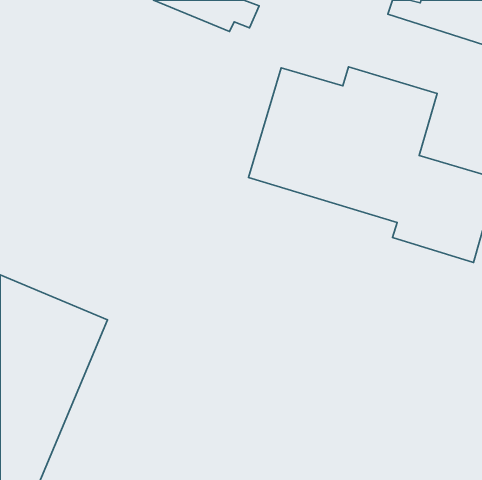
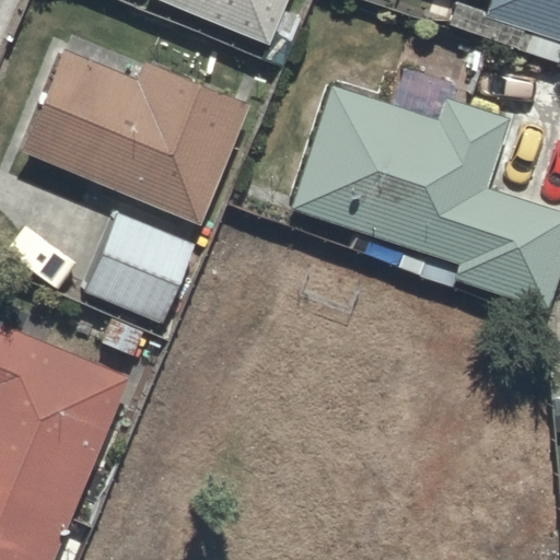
building: none -> [21,48,247,224]
building: none -> [86,209,192,318]

